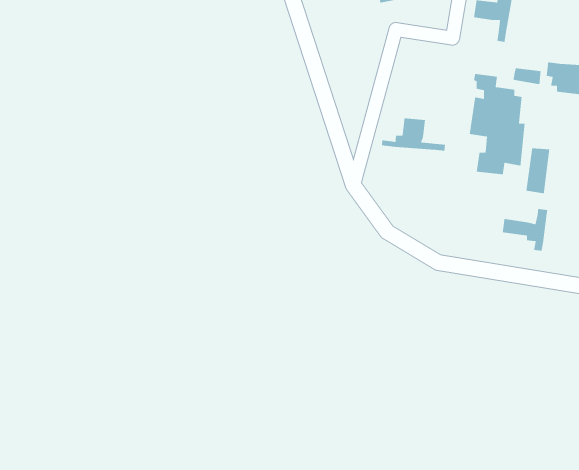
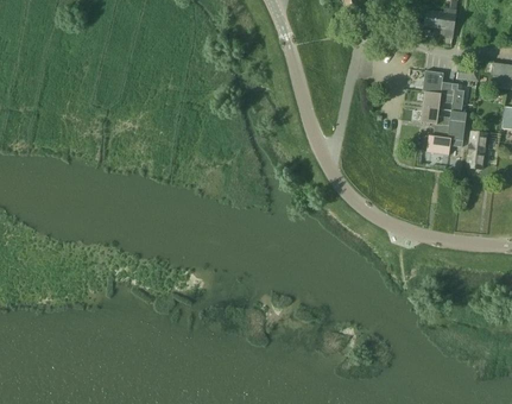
building: [381,118,446,151] -> none
building: [502,208,548,251] -> none

